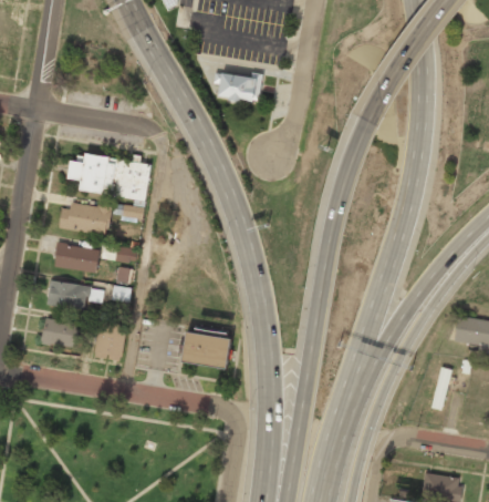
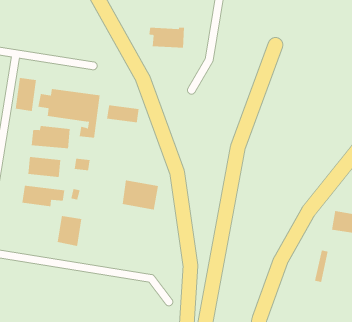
building: none -> [15,77,37,112]
building: none -> [107,104,139,123]
building: [40,318,81,349] -> none
building: [181,328,230,368] -> [122,180,159,210]

